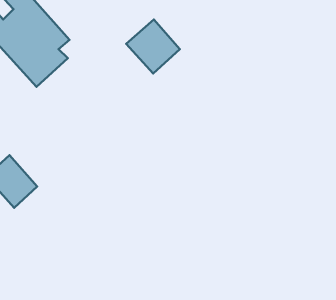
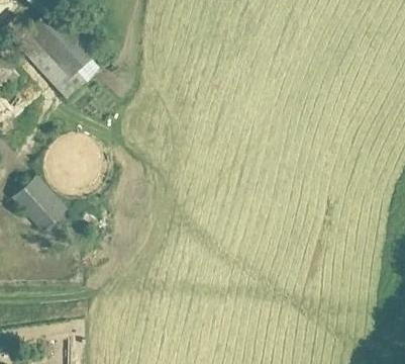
building: [126,20,180,73] -> none

